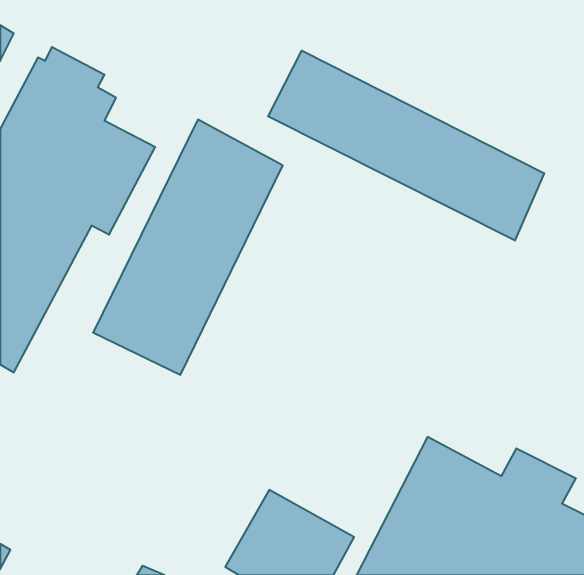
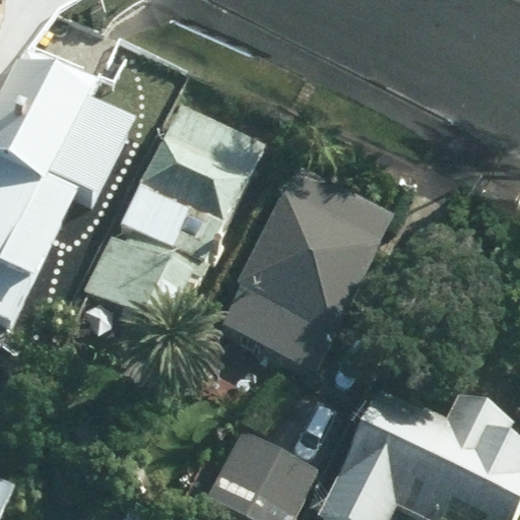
building: [268,51,544,241] -> none
building: none -> [205,167,390,375]

